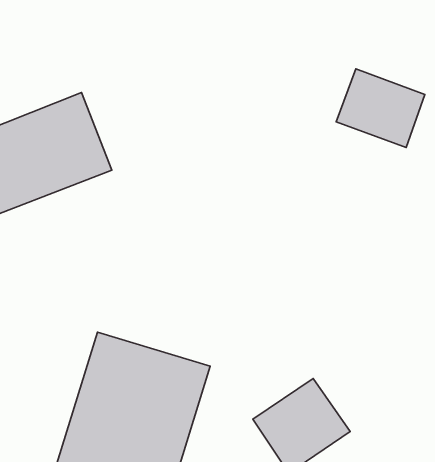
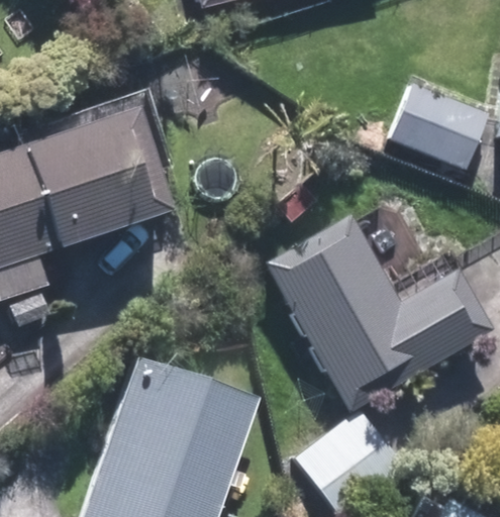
building: none -> [282,218,480,395]

